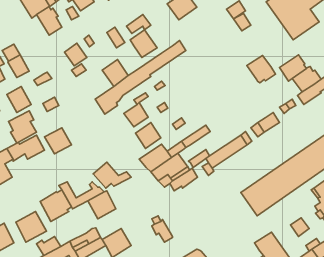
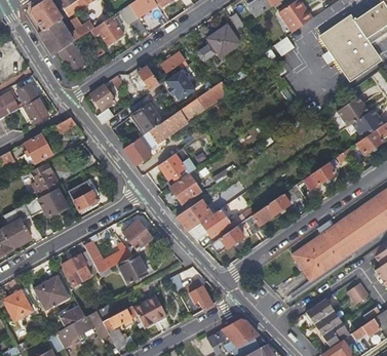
building: [247,56,276,83] -> none

